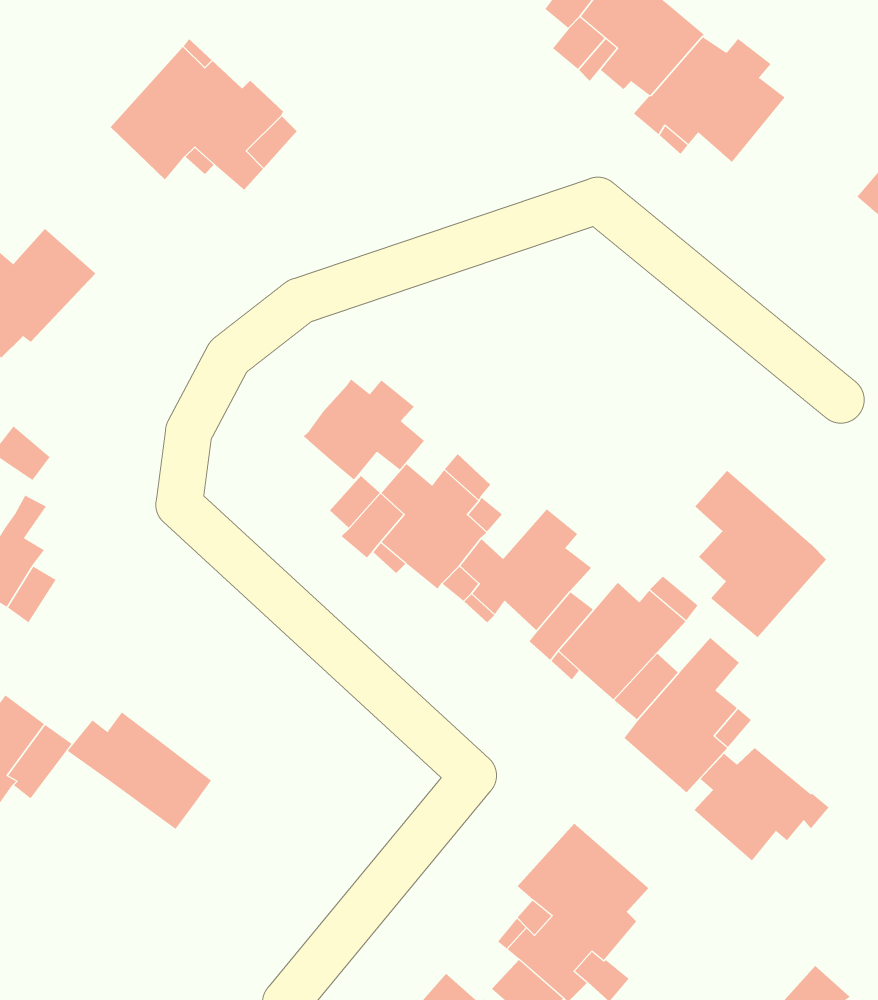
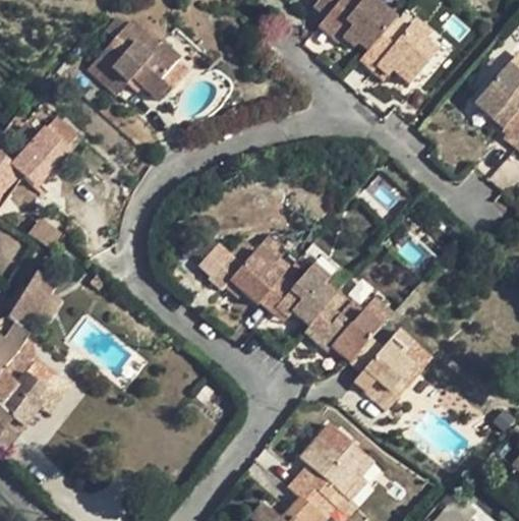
building: [303,379,425,480] -> none
building: [695,470,827,638] -> none
building: [67,711,212,830] -> none
building: [693,747,829,862] -> none

